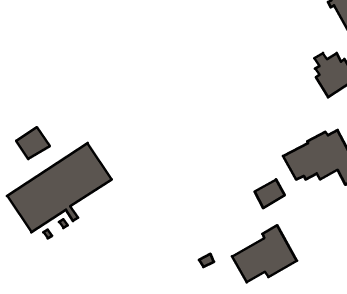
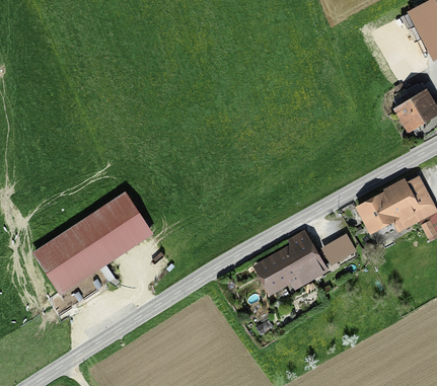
building: [16,127,50,159] -> none
building: [232,225,297,282] -> [252,229,329,296]

